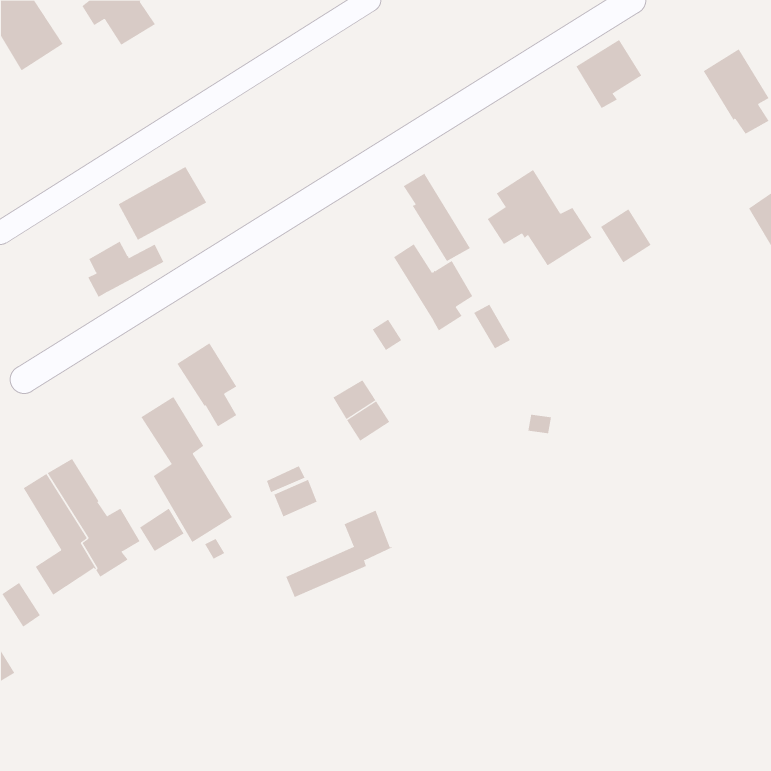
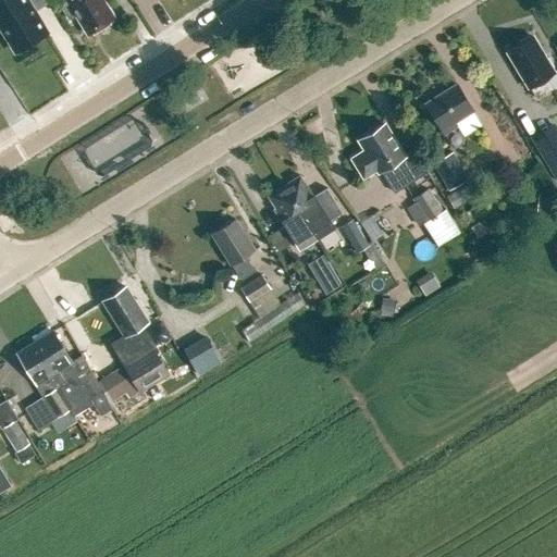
building: [576,39,642,109] -> [425,84,473,134]
building: [403,173,471,262] -> [268,185,317,249]
building: [88,241,164,298] -> none
building: none -> [412,188,460,246]
building: [177,343,237,427] -> [211,219,255,280]
building: none -> [309,256,342,295]
building: [285,510,393,598] -> none

